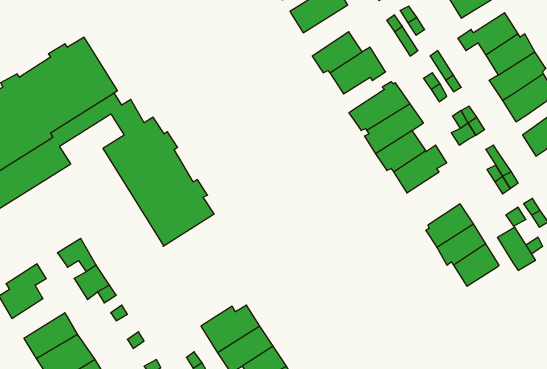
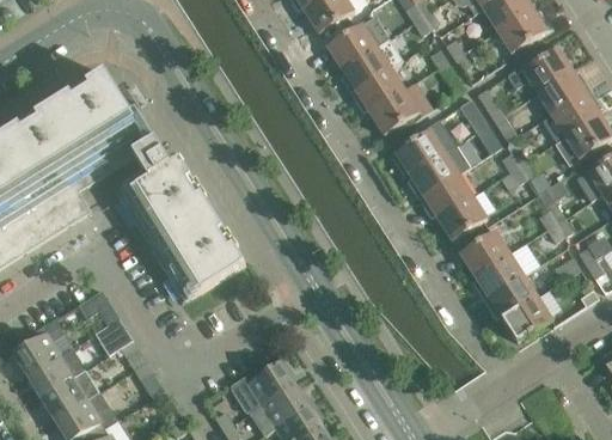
building: none -> [338,38,403,93]
building: none -> [459,230,509,275]
building: [497,227,535,271] -> none
building: none -> [27,347,85,397]

